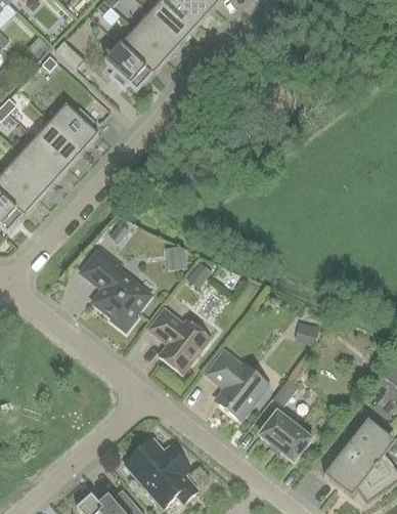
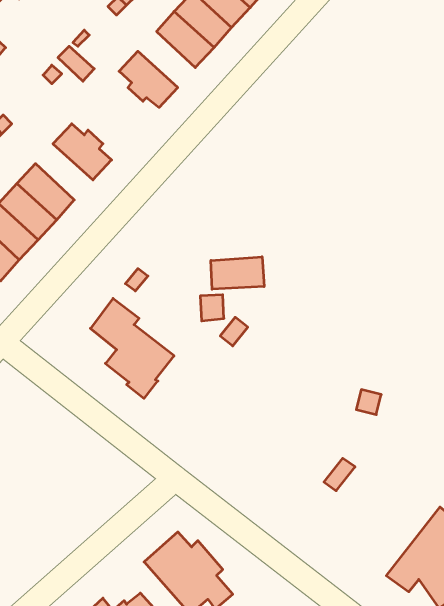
building: [120,28,167,74] -> none
building: [36,120,83,166] -> none
building: none -> [211,257,264,289]
building: [147,307,210,373] -> none
building: [205,348,267,419] -> none
building: [259,411,311,461] -> none

